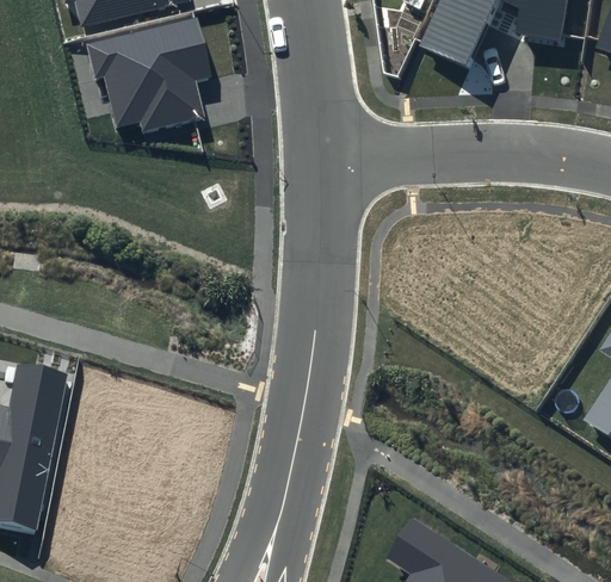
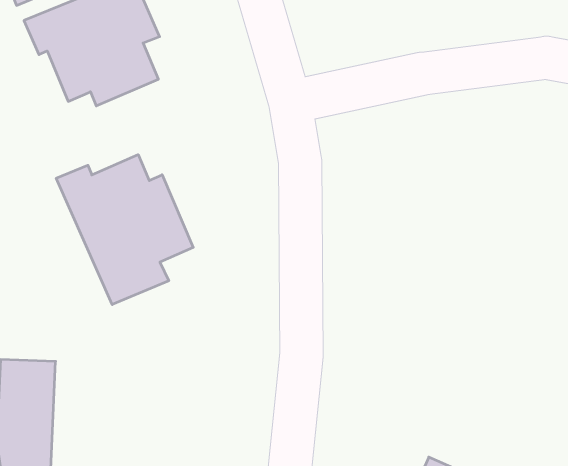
building: none -> [56,155,193,305]

